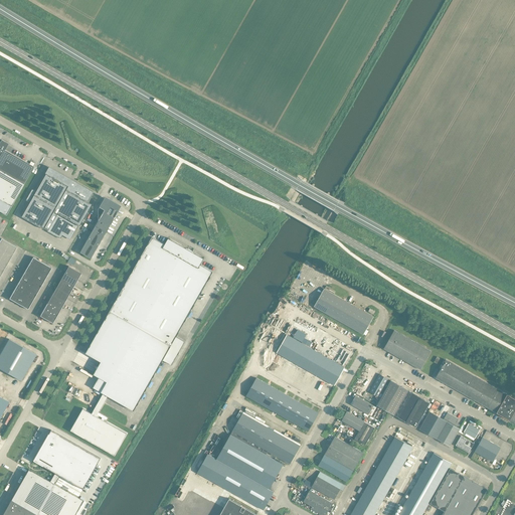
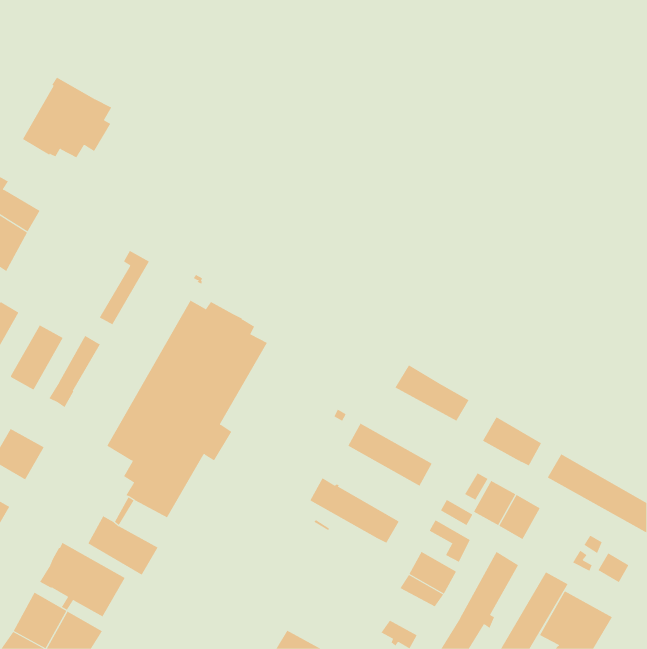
building: [20,167,92,231] -> [22,77,112,158]
building: [418,411,459,446] -> none
building: [196,412,299,510] -> none
building: [311,472,344,499] -> none

